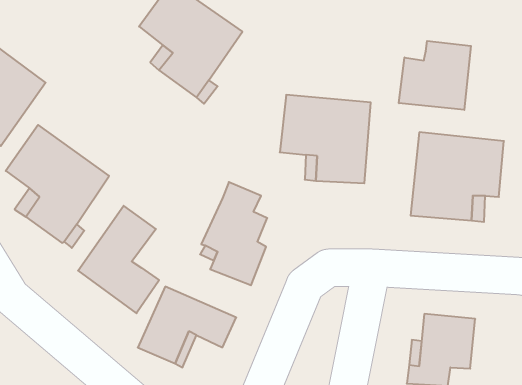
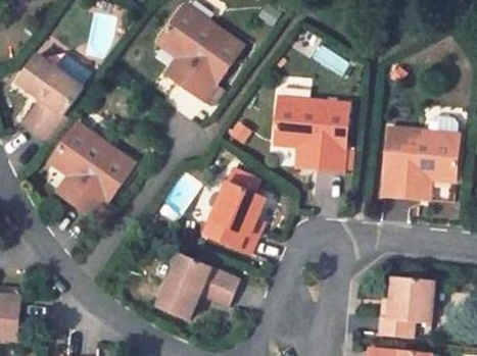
building: [399,41,471,110] -> none
building: [78,206,159,313] -> none

